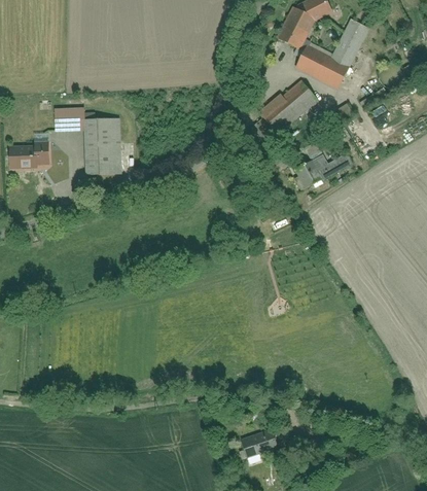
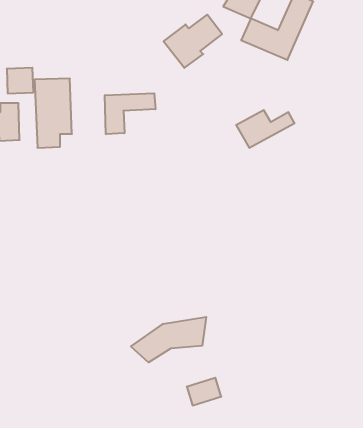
building: [255,78,316,134] -> [164,15,222,68]
building: none -> [105,93,155,134]
building: none -> [131,317,206,362]

